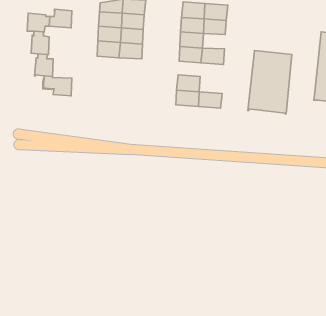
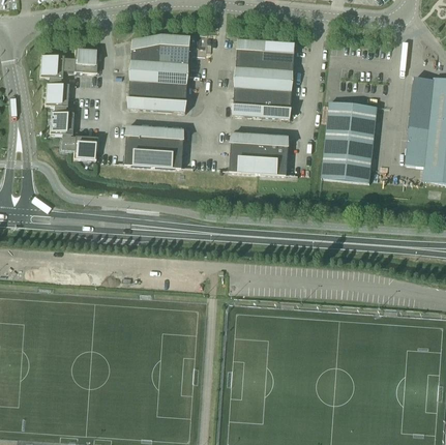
building: none -> [263,80,292,99]
building: none -> [124,126,184,168]
building: none -> [259,135,289,156]

